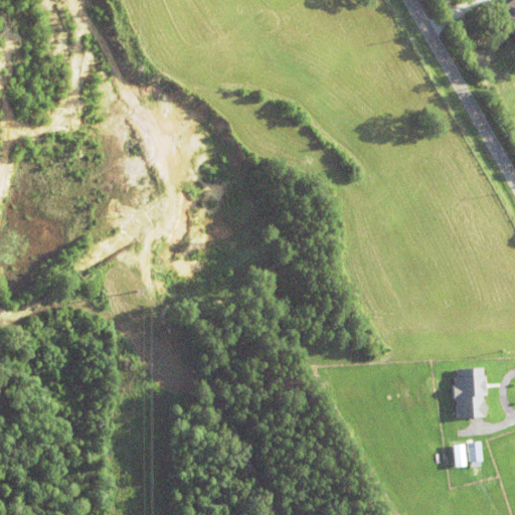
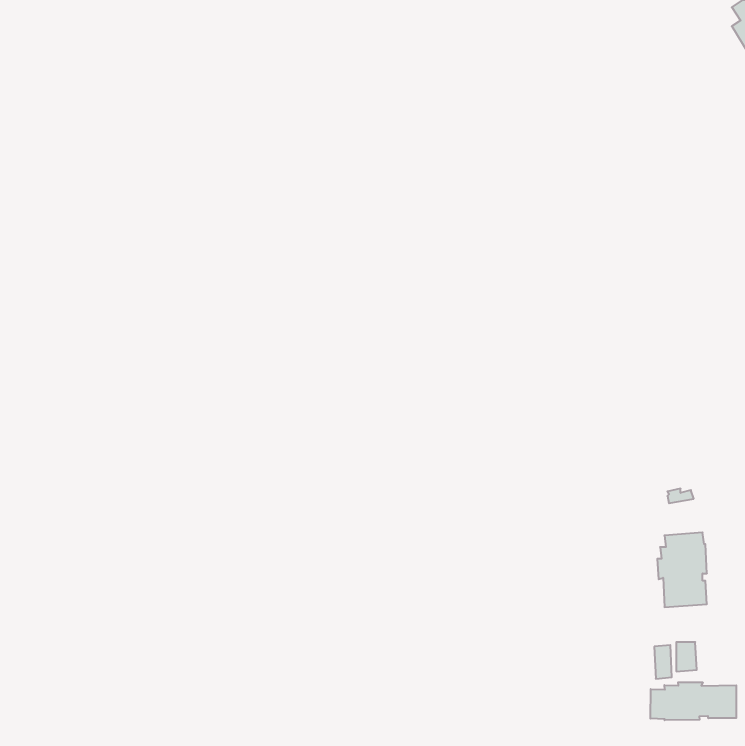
building: none -> [650,682,736,720]

